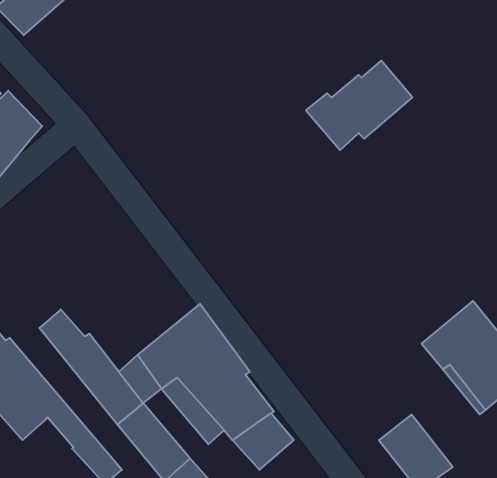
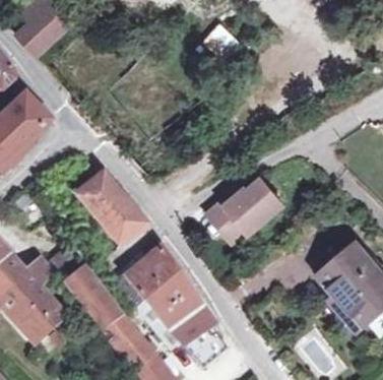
building: [306,61,412,150] -> [208,177,284,241]
building: none -> [81,173,146,241]

